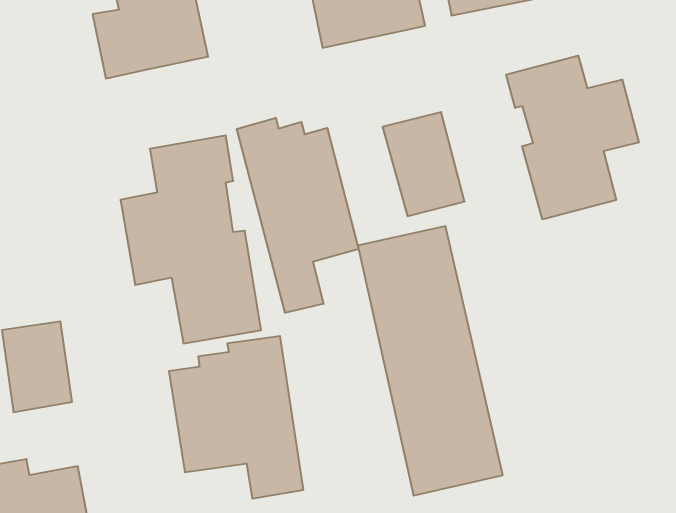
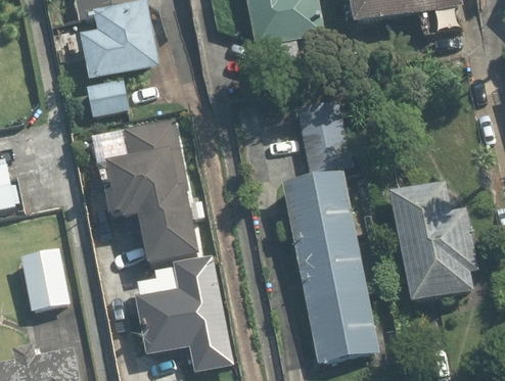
building: [506,56,639,219] -> none
building: none -> [84,68,133,113]
building: [237,118,359,313] -> none
building: none -> [380,186,469,305]

